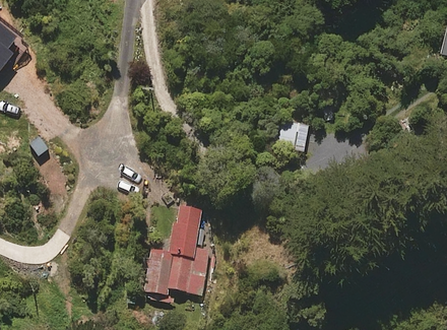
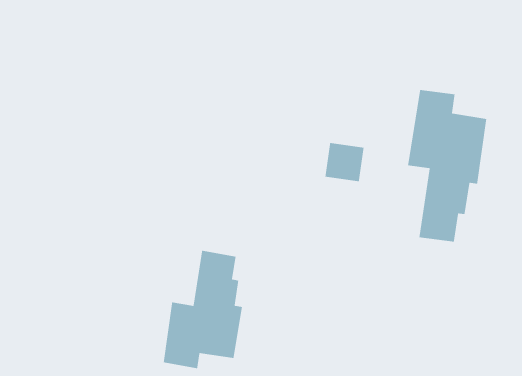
building: none -> [407,89,487,243]

